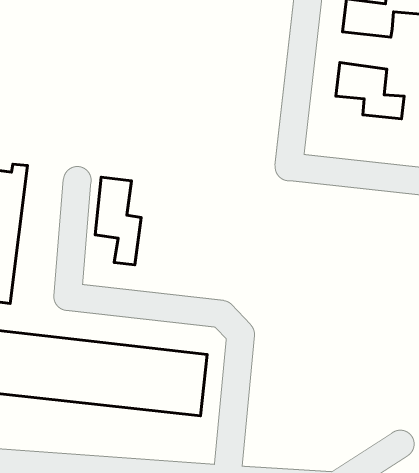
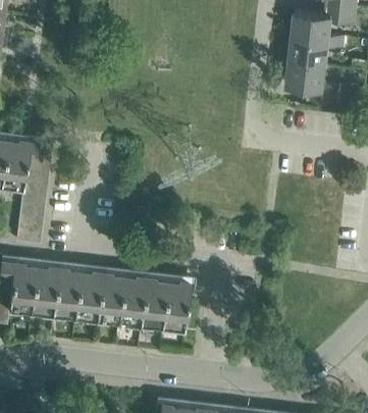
building: none -> [290,32,344,62]
building: [95,177,141,265] -> none

